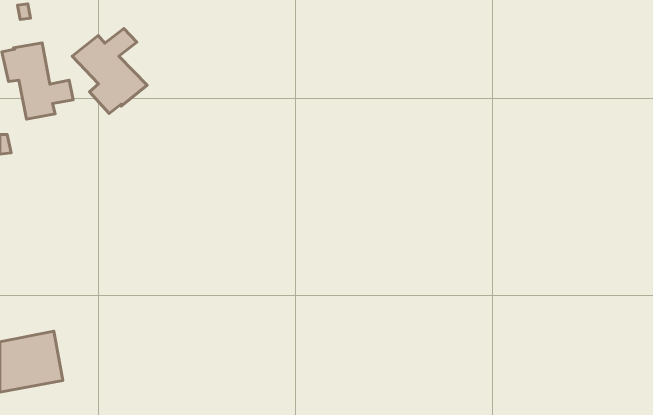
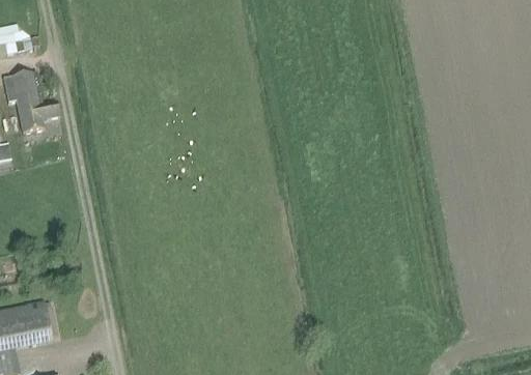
building: [72,28,147,114] -> none

